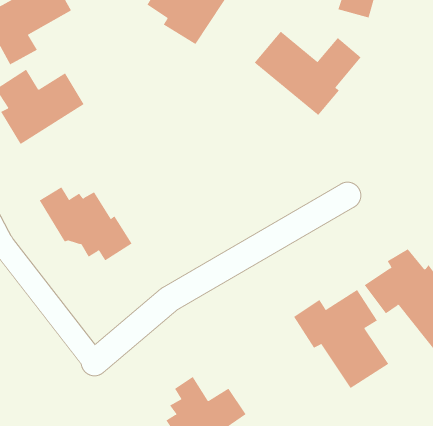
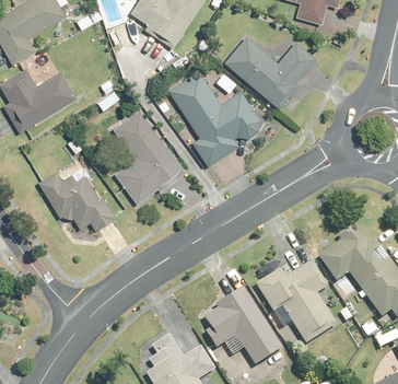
building: none -> [169,72,259,166]
building: none -> [112,110,184,205]
building: none -> [202,283,283,364]

